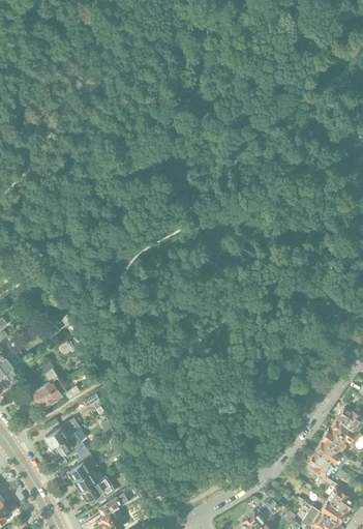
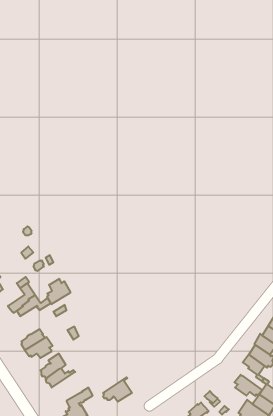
building: none -> [47,279,70,304]
building: [83,473,117,502] -> [103,377,132,402]
building: none -> [234,375,262,396]

